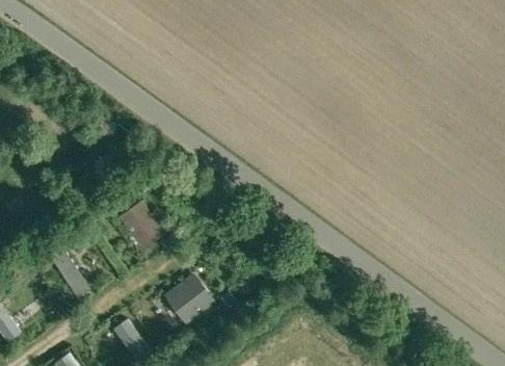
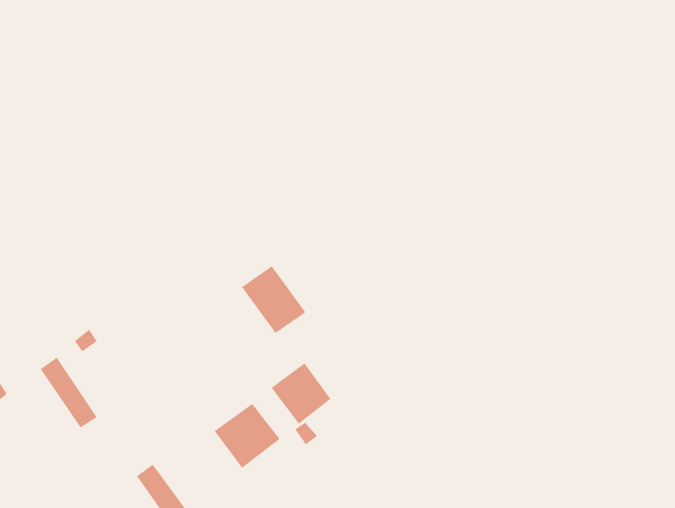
building: [118,201,162,246] -> [241,265,306,334]
building: none -> [271,363,331,425]

